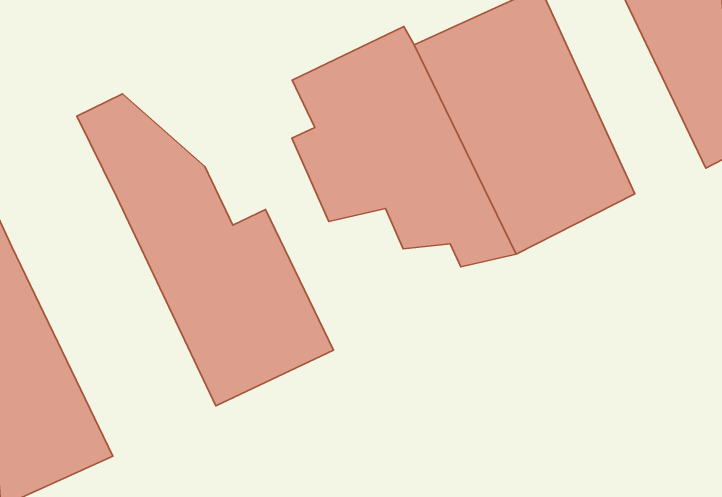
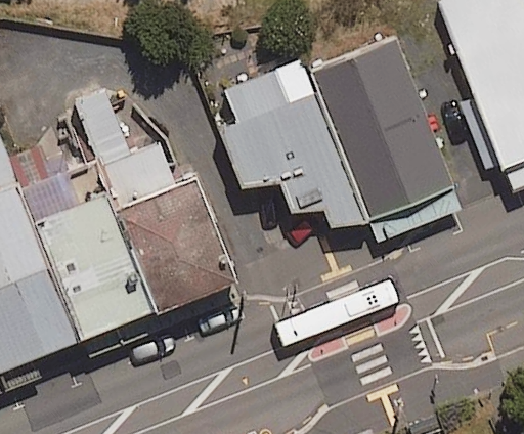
building: none -> [20,163,154,342]

